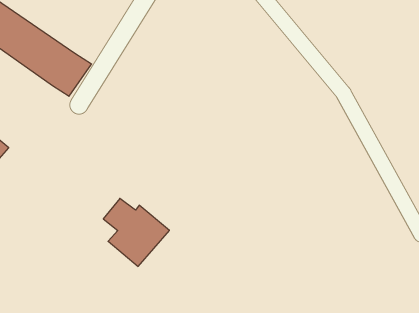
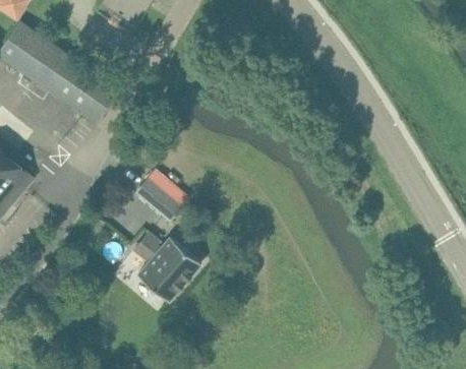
building: none -> [136,170,188,220]

